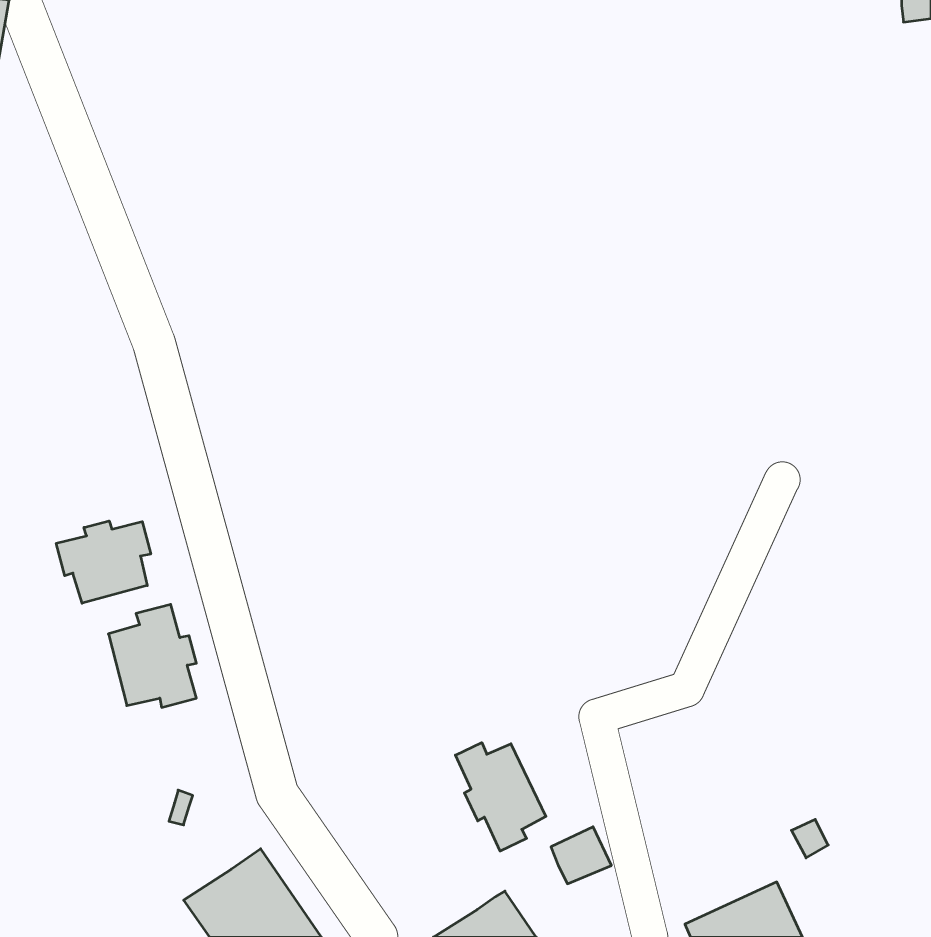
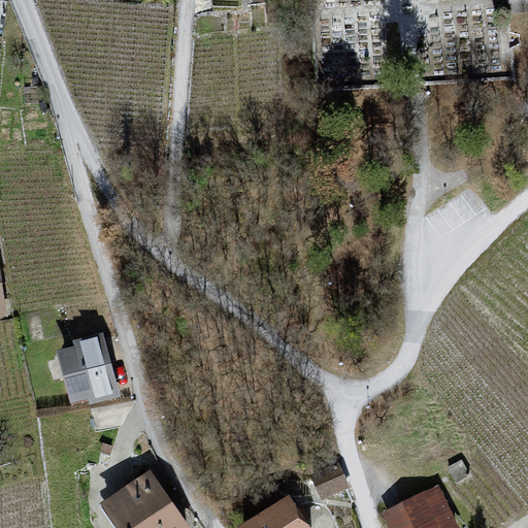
building: [56,521,151,603] -> none
building: [455,743,546,851] -> none

